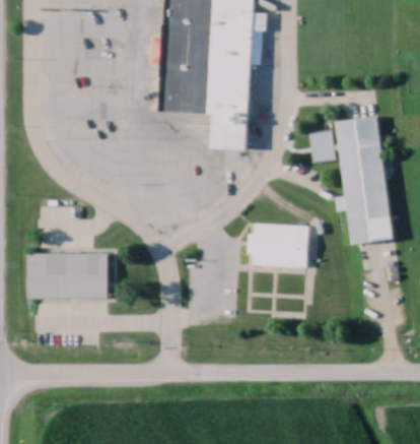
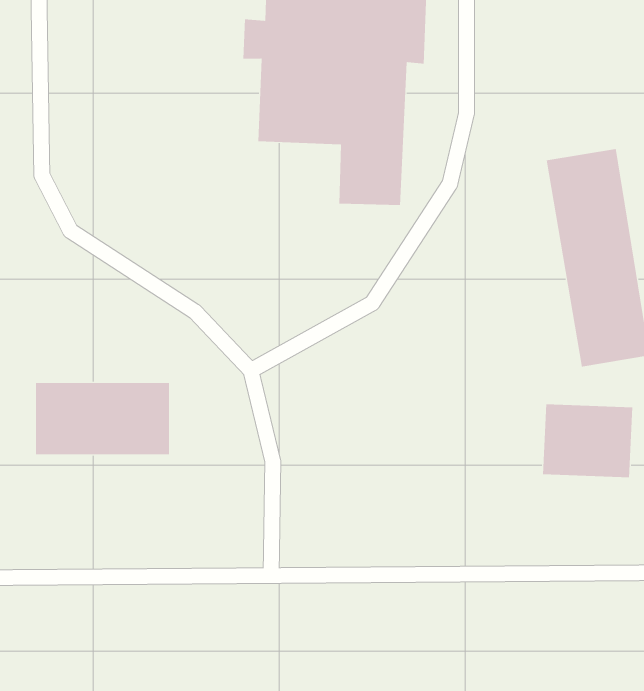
building: [308,129,333,160] -> none
building: [253,224,307,268] -> [542,404,633,478]

